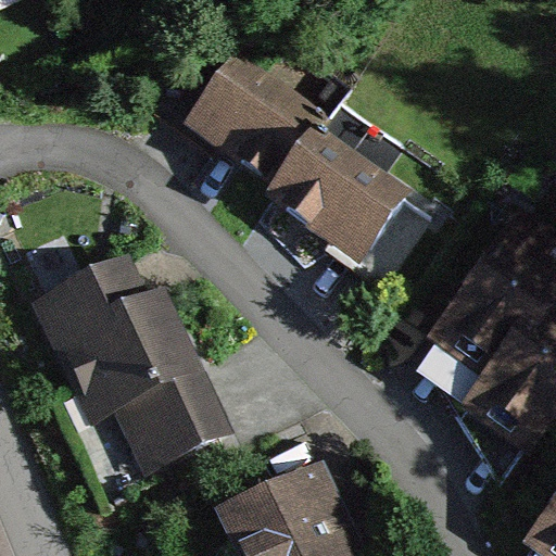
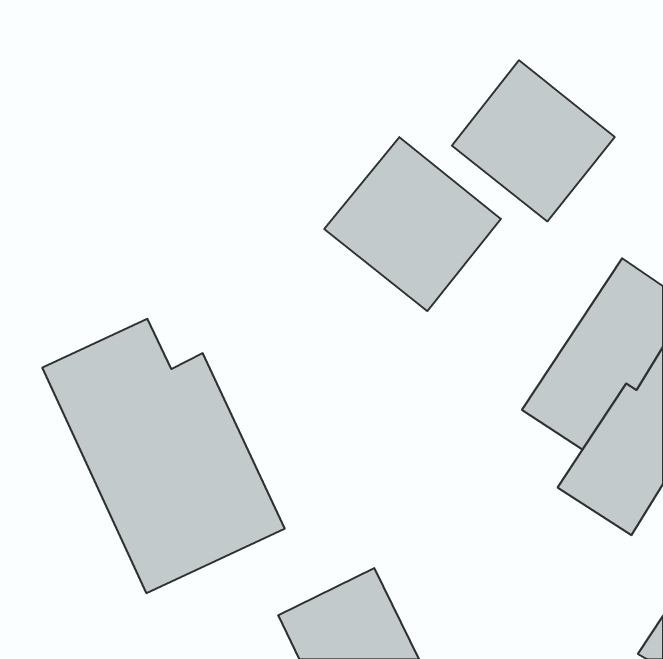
building: none -> [452,60,615,221]
building: [187,54,329,189] -> none

